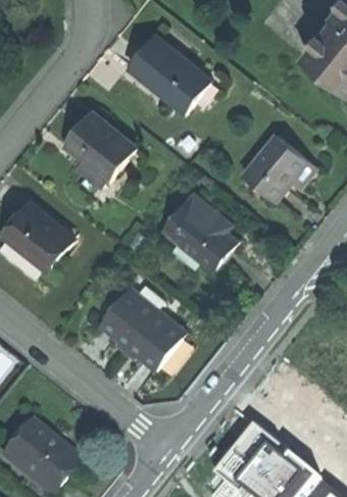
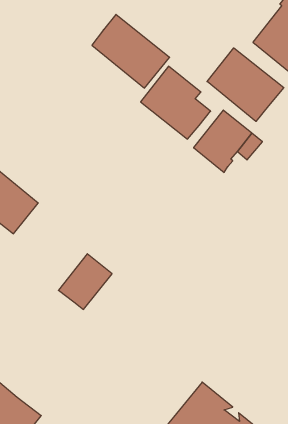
building: none -> [207,48,284,121]
building: [70,108,141,180] -> none
building: [161,193,236,270] -> [141,66,211,139]
building: [125,308,183,367] -> none

